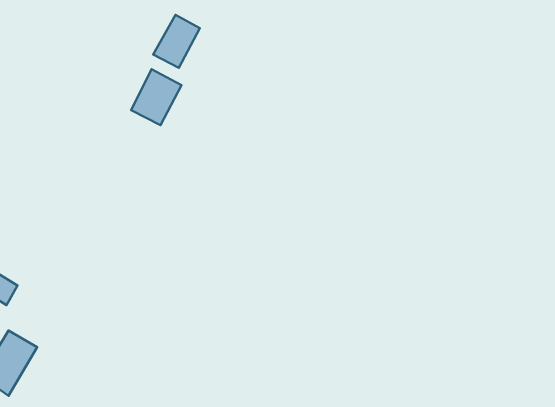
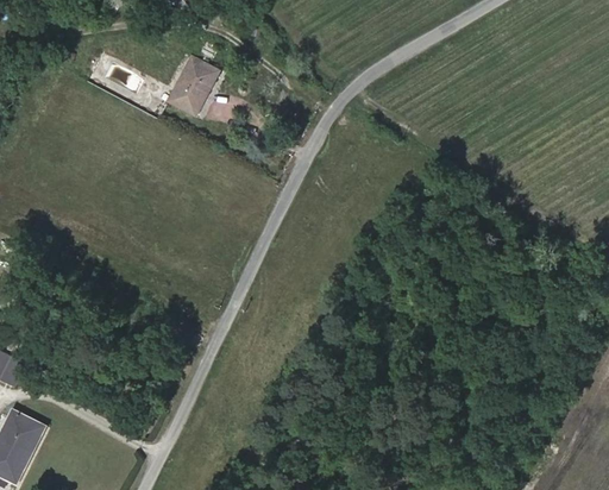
building: [131,69,182,125] -> none

